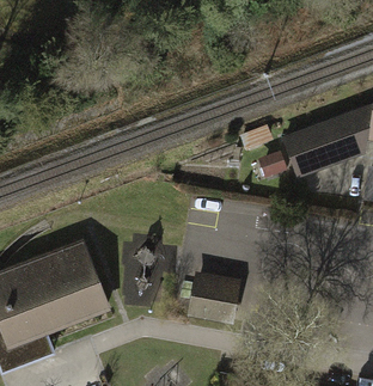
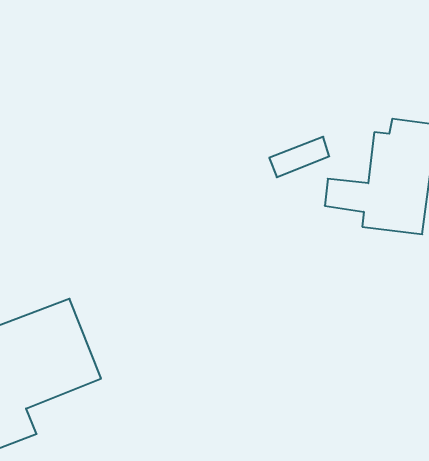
building: [189,276,236,325] -> none

